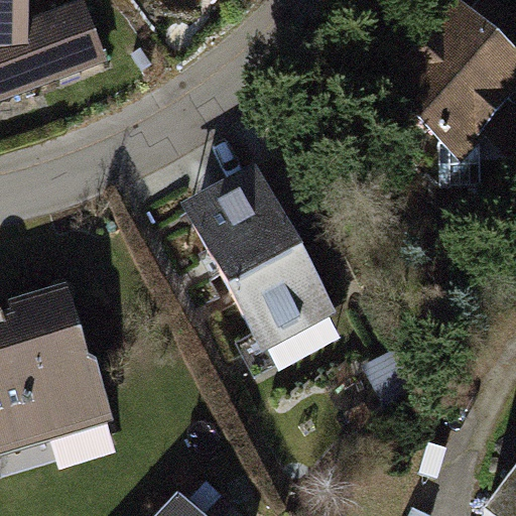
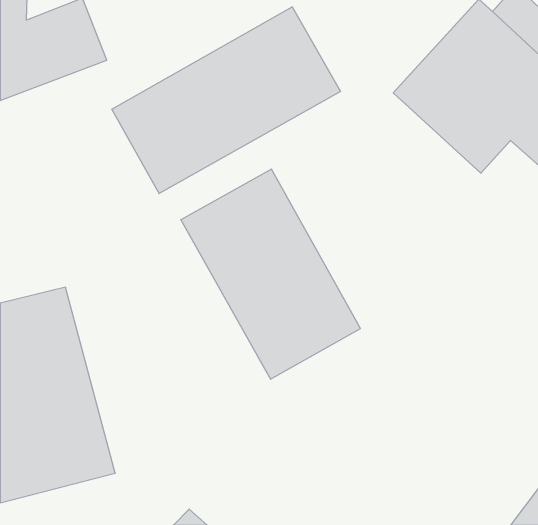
building: none -> [112,7,340,194]

